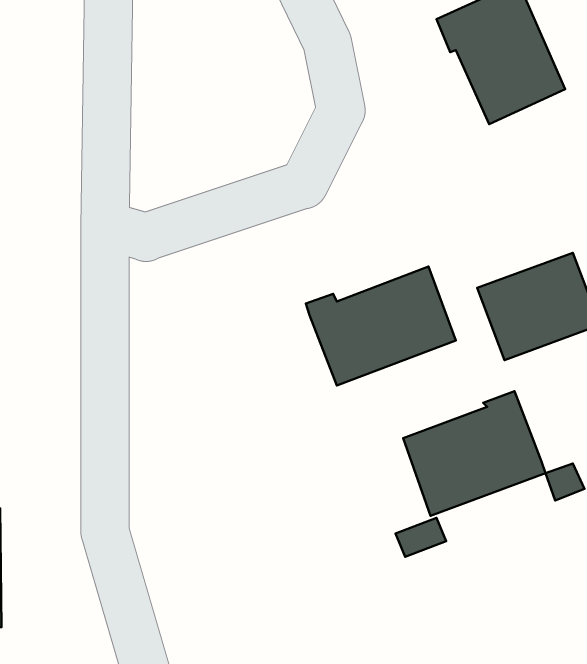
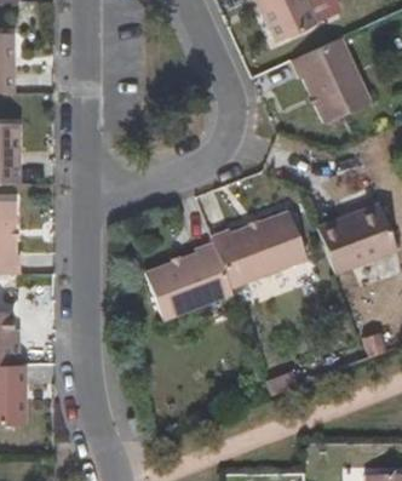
building: [403,391,546,516] -> [145,244,234,321]

